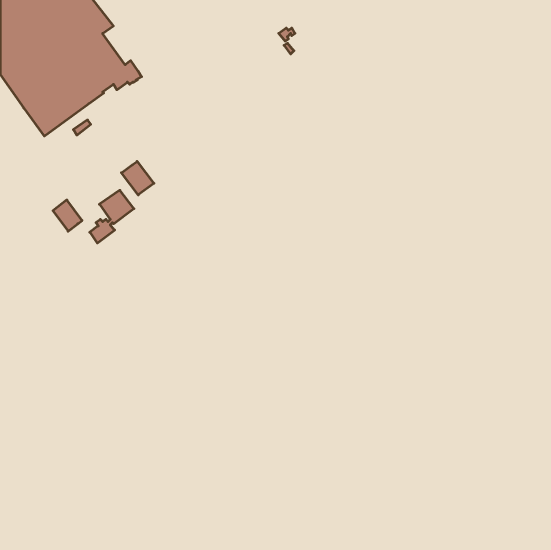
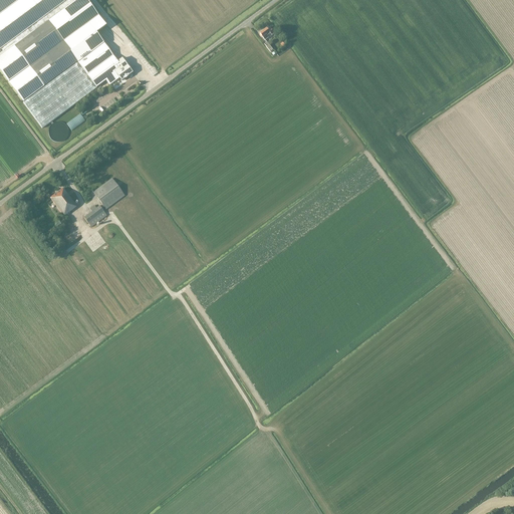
building: [121,161,154,195] -> none

